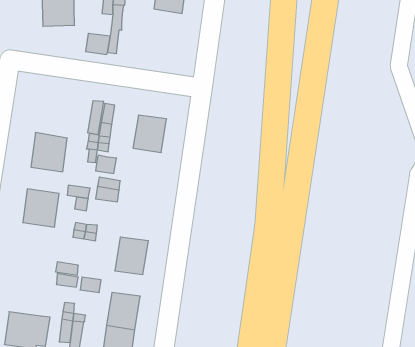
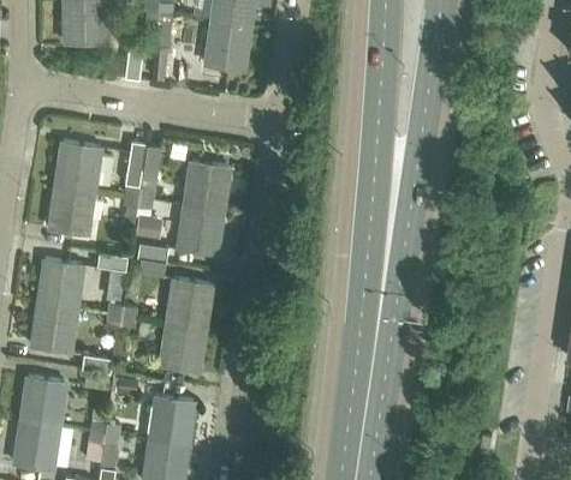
building: none -> [202,22,249,84]
building: none -> [55,142,115,192]
building: none -> [178,205,221,256]
building: none -> [167,278,210,328]
building: none -> [31,304,81,354]
building: none -> [20,377,69,427]

